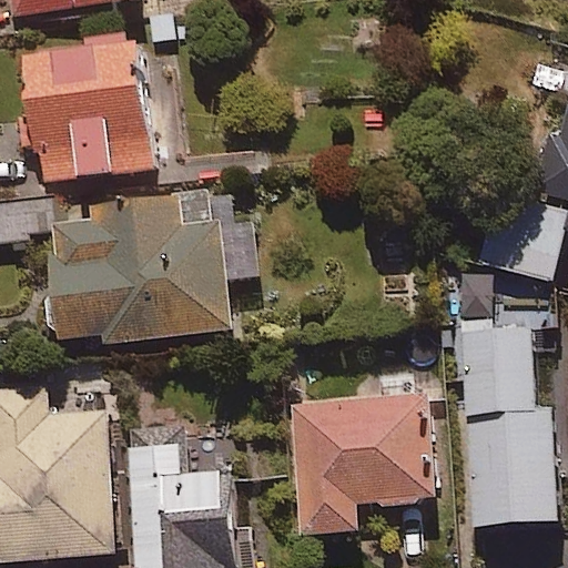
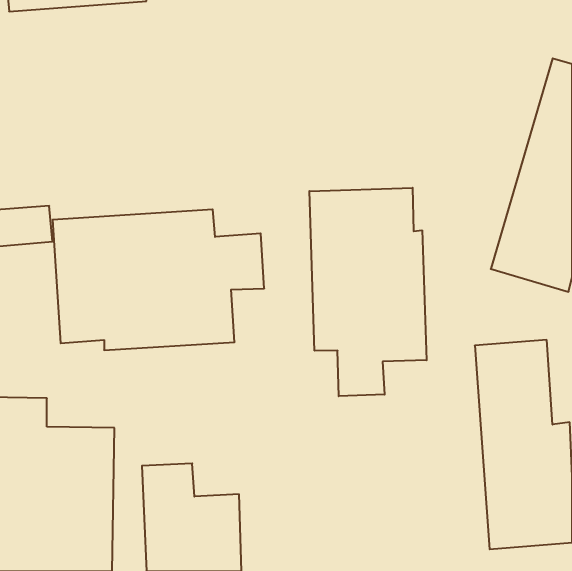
building: [16,51,154,186] -> none
building: none -> [309,188,427,396]
building: [292,394,432,531] -> none

